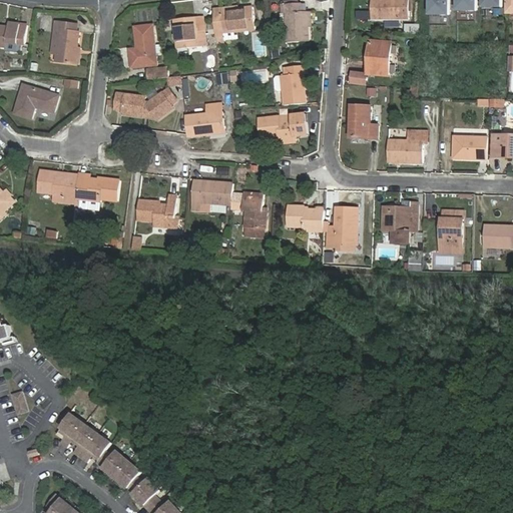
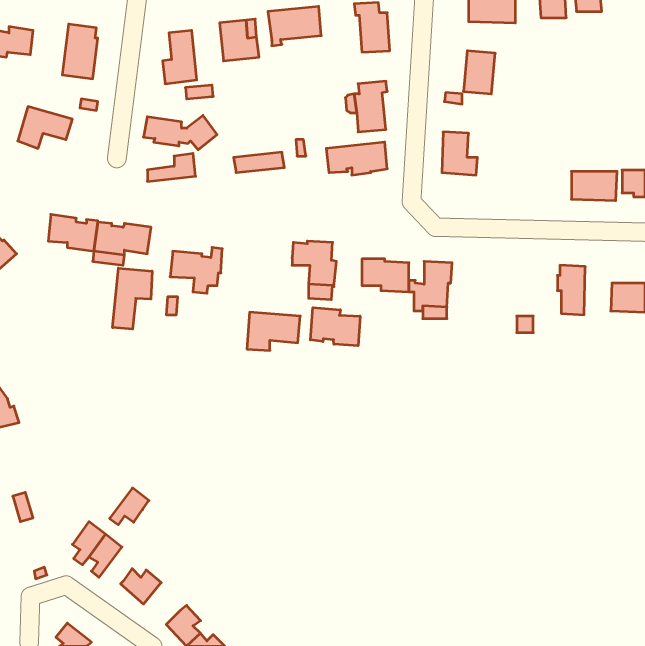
building: [184,102,222,124] -> [147,153,196,181]
building: [386,129,427,161] -> none
building: [190,179,232,209] -> [247,312,300,350]
building: [381,201,416,242] -> none
building: none -> [113,268,152,329]
building: none -> [310,308,360,346]
building: [78,432,109,461] -> [110,488,149,525]
building: [113,460,142,493] -> none

